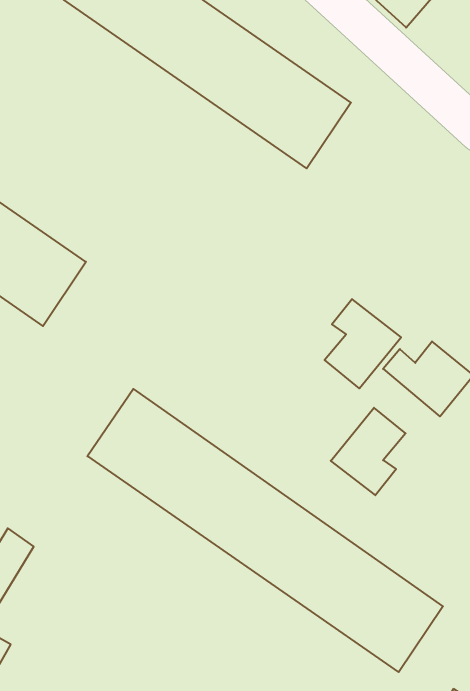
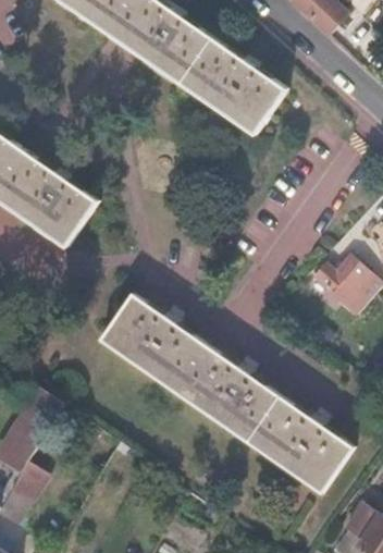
building: [325,299,401,388] -> none
building: [331,408,406,495] -> none

